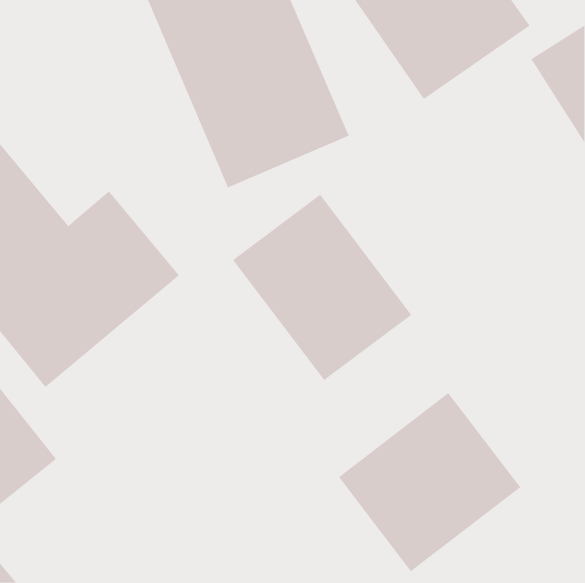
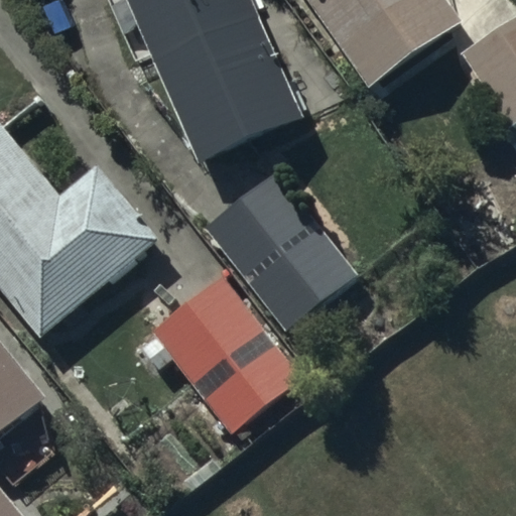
building: none -> [139,274,300,432]
building: [338,392,521,572] -> none

